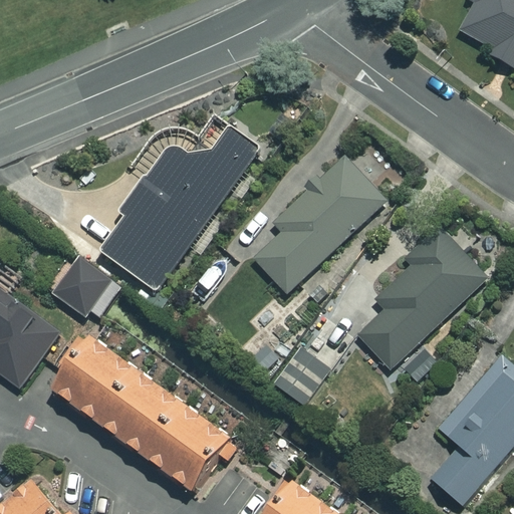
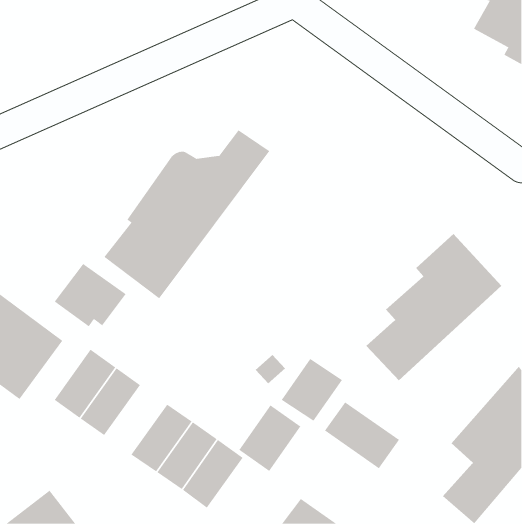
building: [251,159,382,294] -> none
building: [101,373,162,441] -> none
building: none -> [324,401,400,469]
building: none -> [238,404,301,472]

